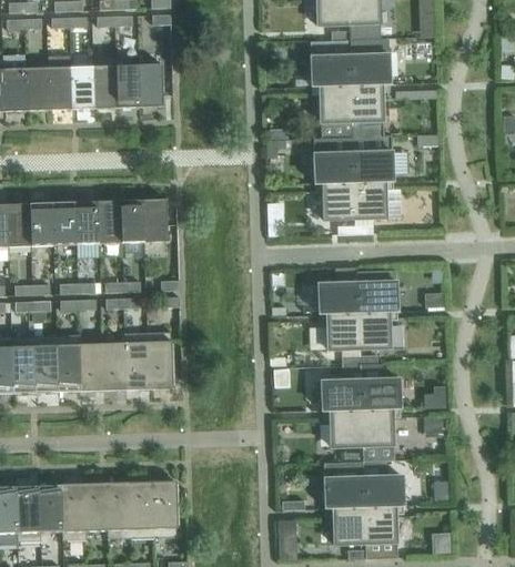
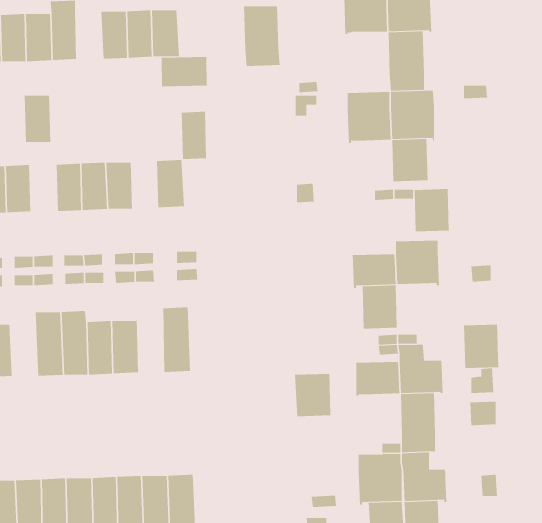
building: [70,65,94,109] -> none
building: [319,84,352,139] -> [243,6,280,66]
building: none -> [161,56,207,87]
building: [322,181,354,220] -> [414,189,450,232]
building: [120,200,143,243] -> [181,111,207,160]
building: [29,203,53,245] -> [24,95,51,142]
building: [357,310,390,350] -> [463,324,499,369]
building: [123,332,149,389] -> none
building: [10,335,36,393] -> none
building: [329,408,362,447] -> [294,373,331,417]

